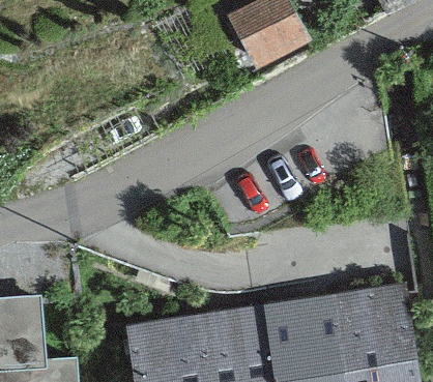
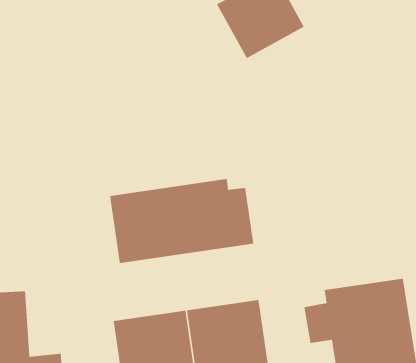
building: none -> [110,178,254,264]

